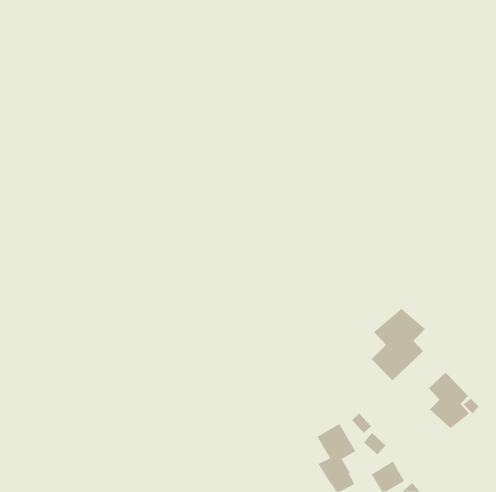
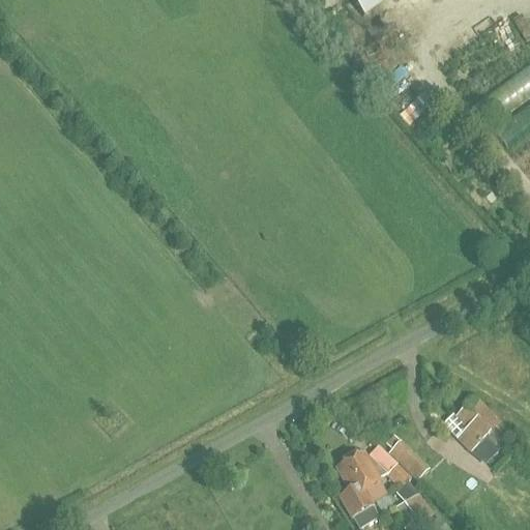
building: [371,308,426,381] -> none

